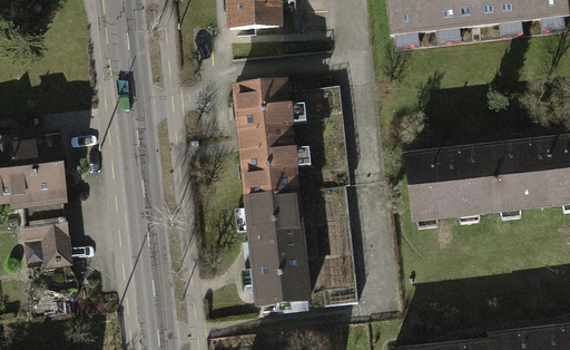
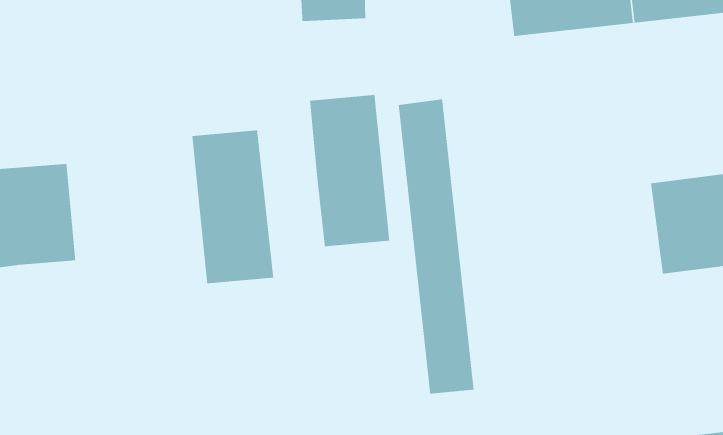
building: [401,145,498,224] -> none
building: [247,188,308,303] -> [192,129,274,284]
building: [21,203,69,266] -> none

